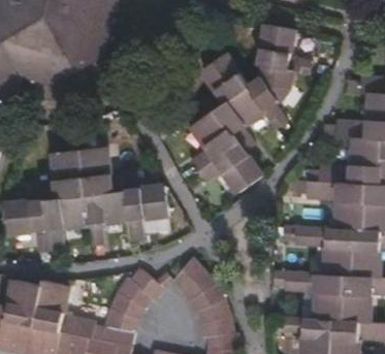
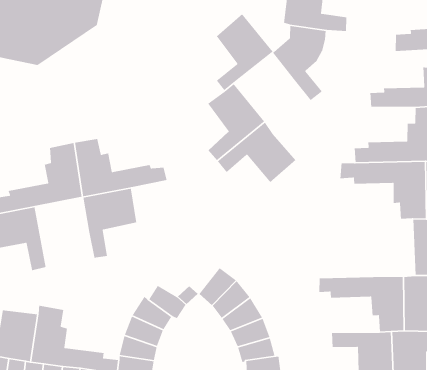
building: [213,85,262,151] -> none
building: [124,183,167,239] -> none
building: [44,193,87,249] -> none
building: [282,225,352,273] -> none

